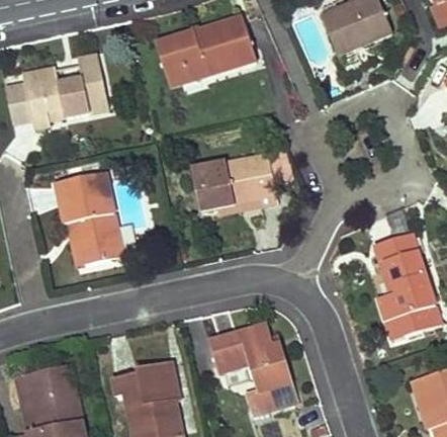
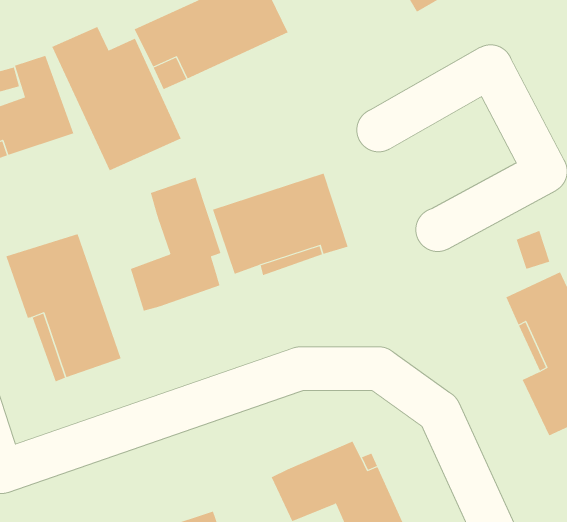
building: none -> [52,26,182,171]
building: none -> [130,177,221,311]

